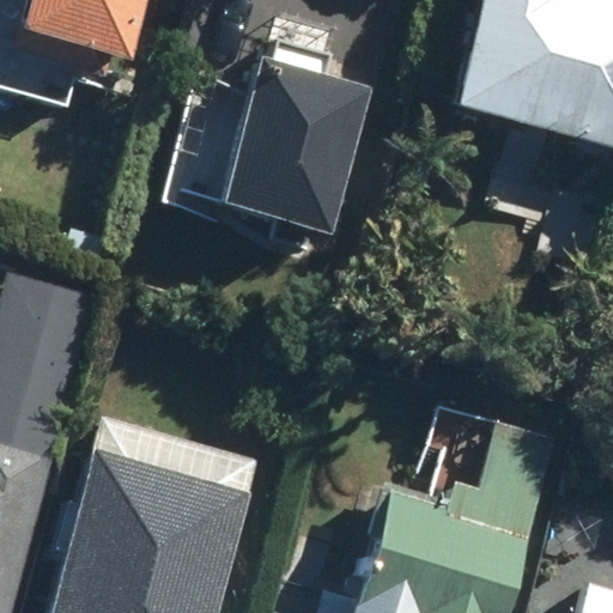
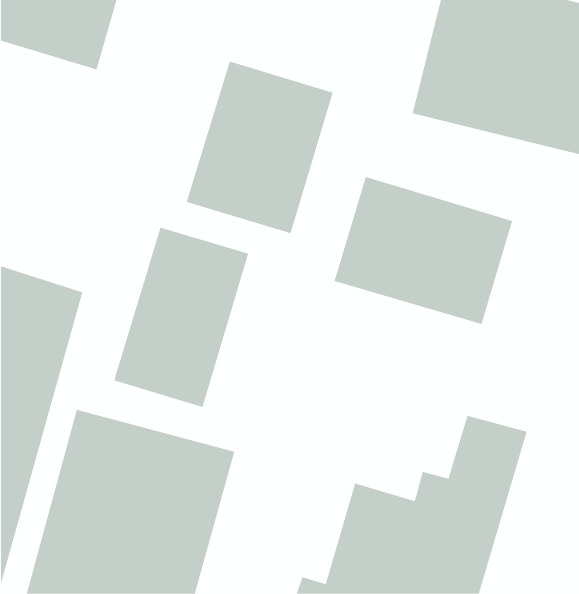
building: none -> [334,176,513,325]
building: none -> [114,227,249,408]

